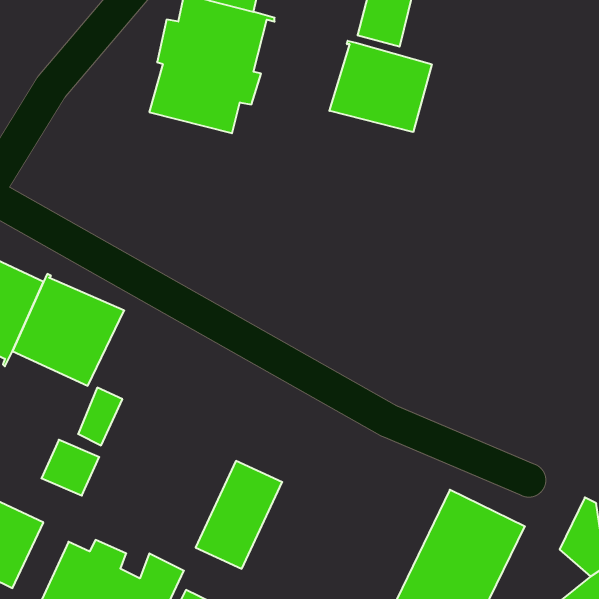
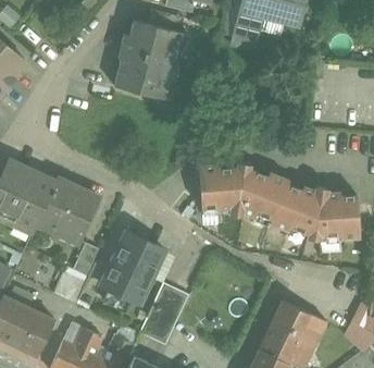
building: [329,41,432,132] -> none
building: none -> [197,162,359,241]
building: none -> [100,232,163,303]

